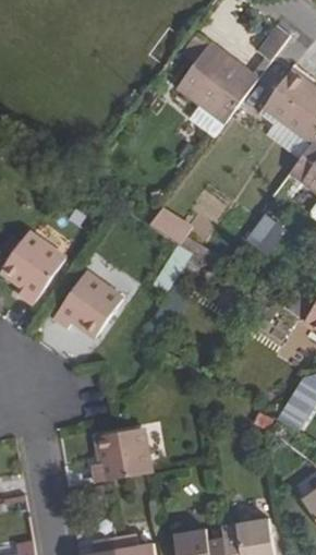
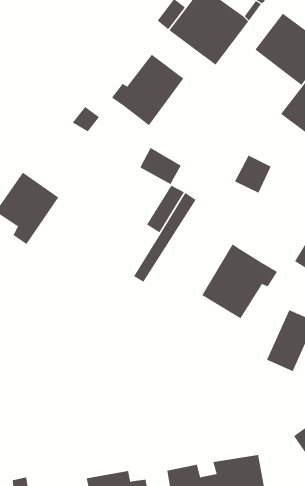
building: none -> [111,54,184,126]
building: [52,272,122,338] -> none
building: none -> [201,243,278,319]
building: [90,427,150,482] -> none

